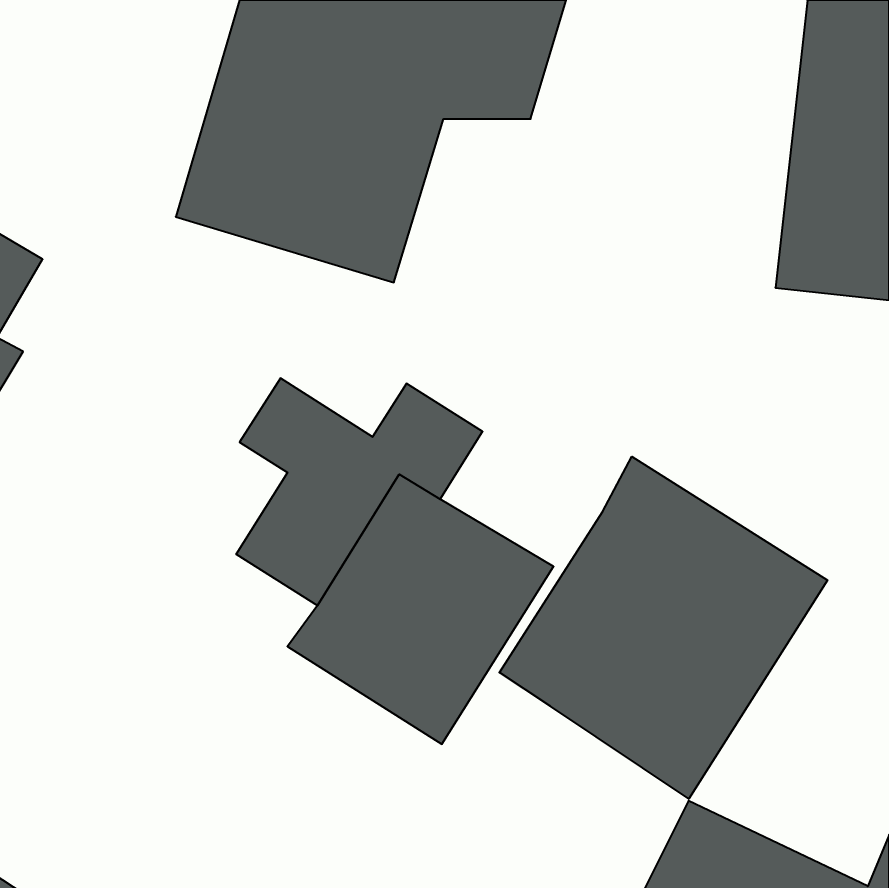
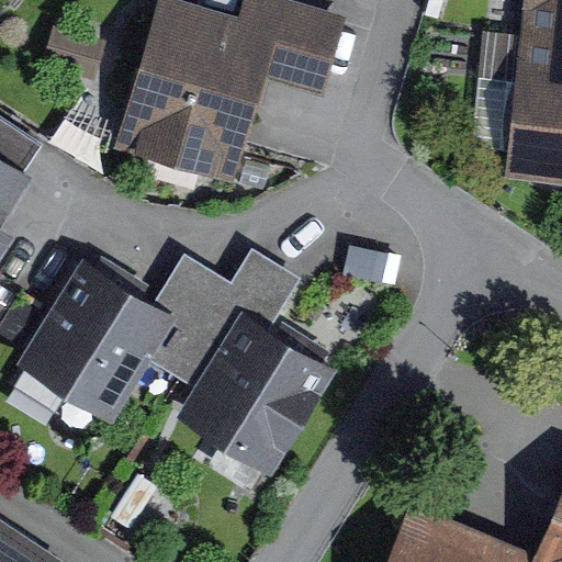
building: none -> [20,251,178,415]
building: [499,457,827,799] -> none

